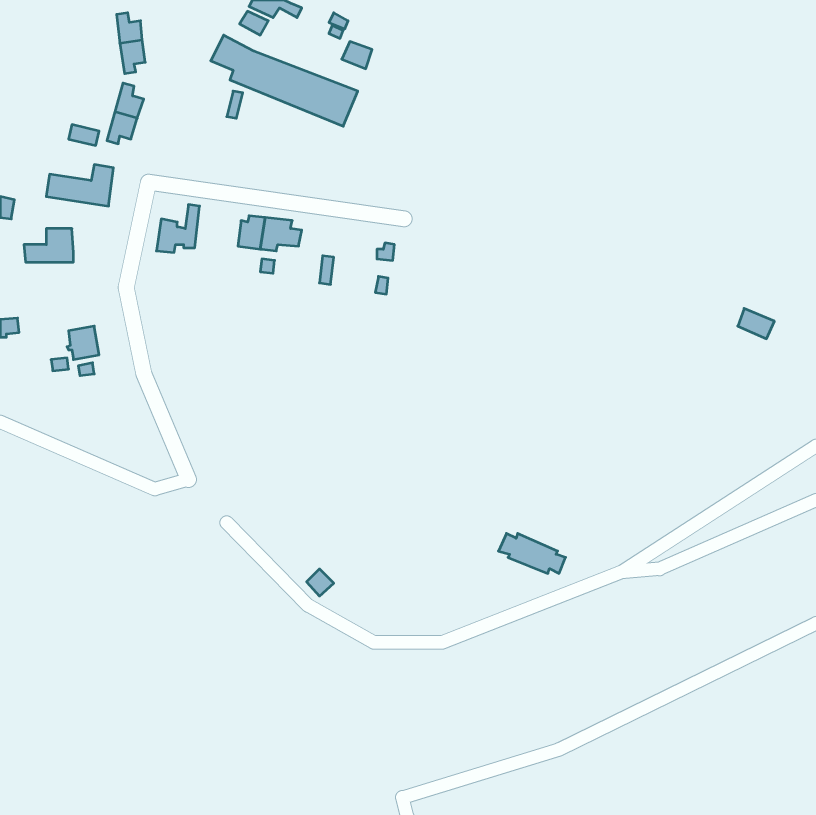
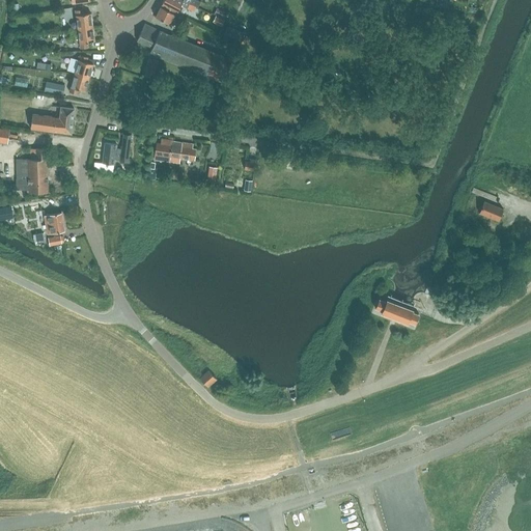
building: none -> [17,171,48,193]
building: [498,533,566,573] -> [374,299,418,325]

